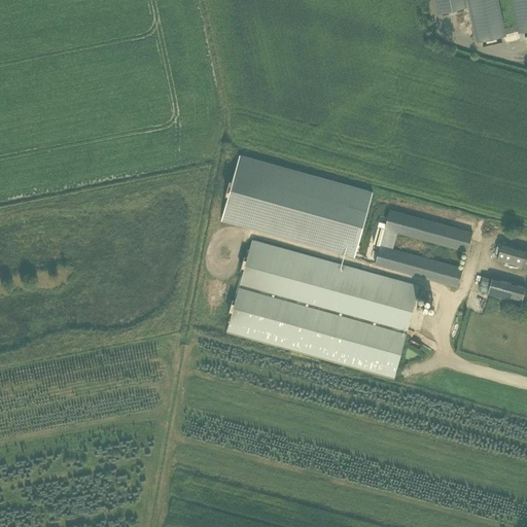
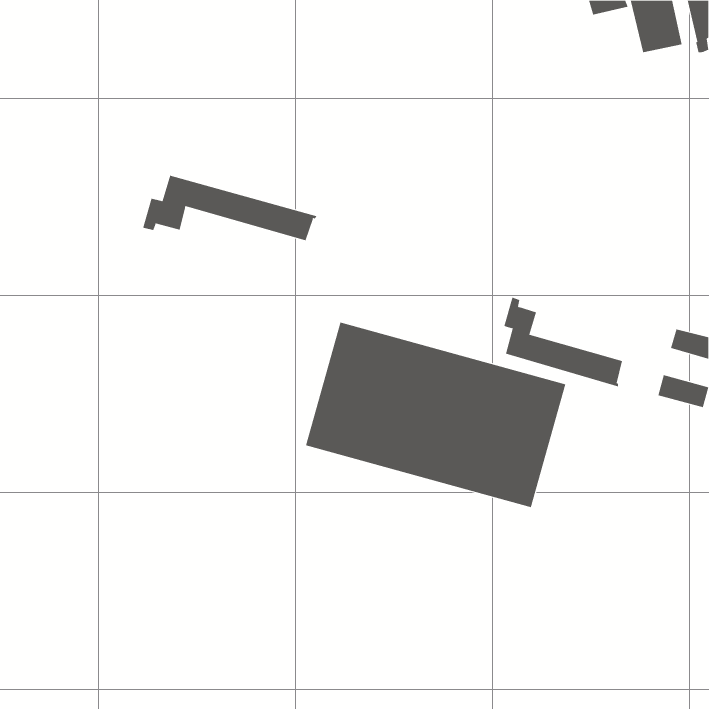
building: none -> [142,175,318,241]
building: [221,154,373,256] -> none
building: [385,209,472,251] -> none

